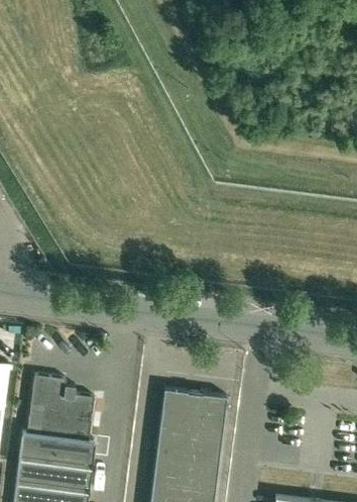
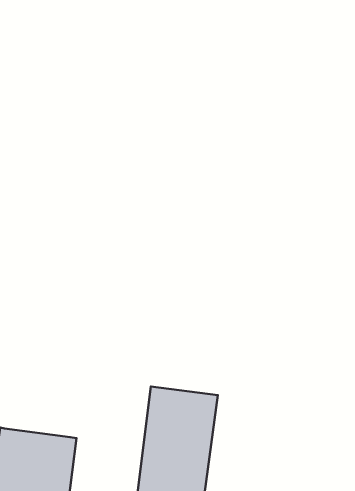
building: [27,374,95,439] -> none

